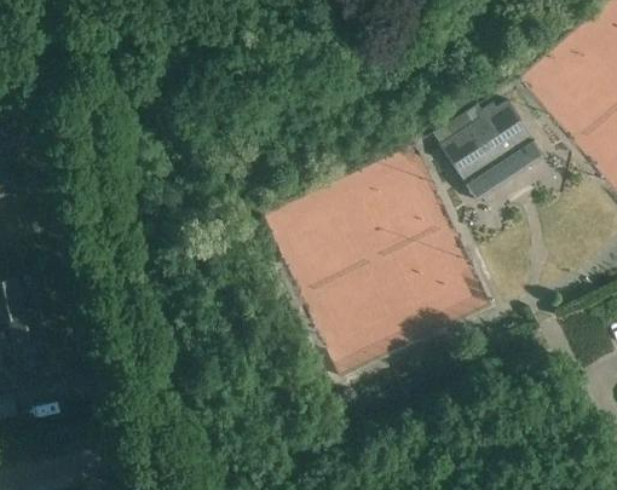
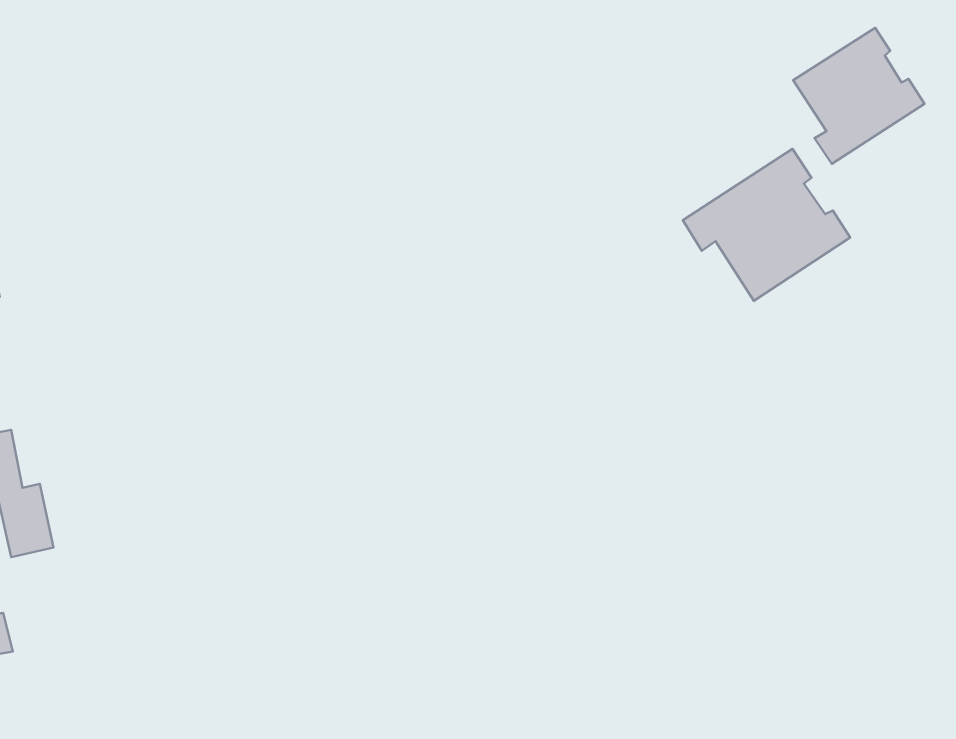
building: none -> [793,28,924,164]

